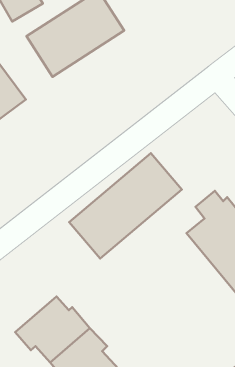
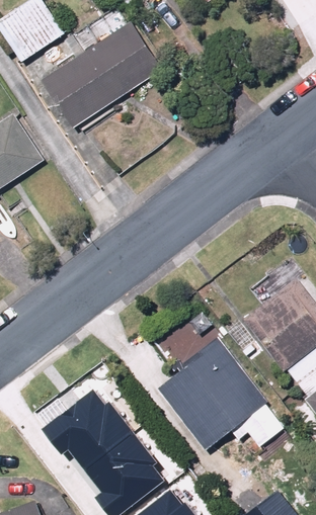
building: [69,153,182,259] -> none
building: none -> [160,340,283,450]

